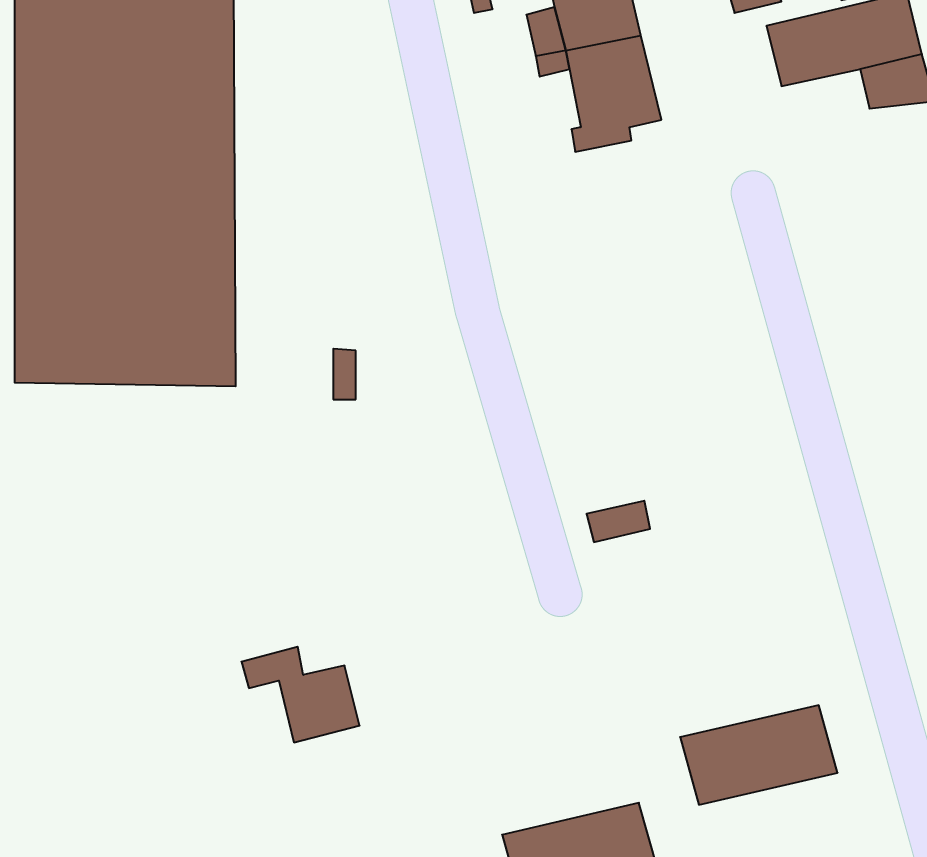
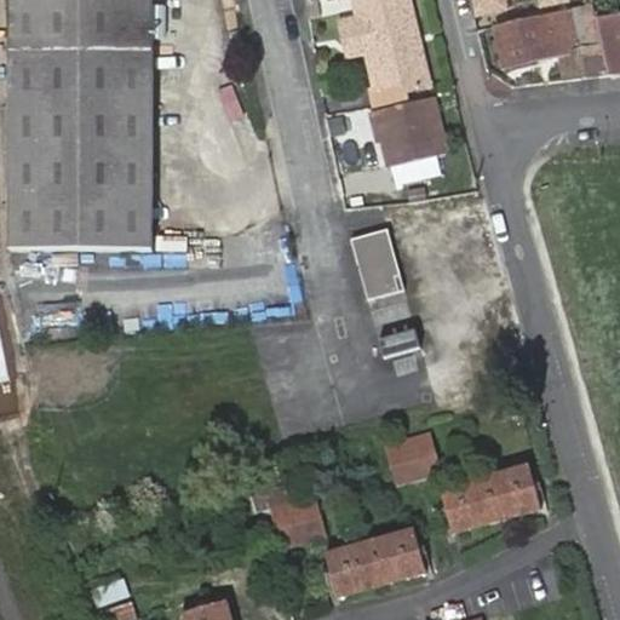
building: none -> [374,97,449,182]
building: none -> [351,230,403,302]
building: [241,647,360,742] -> [246,482,322,544]
building: none -> [385,434,437,481]

